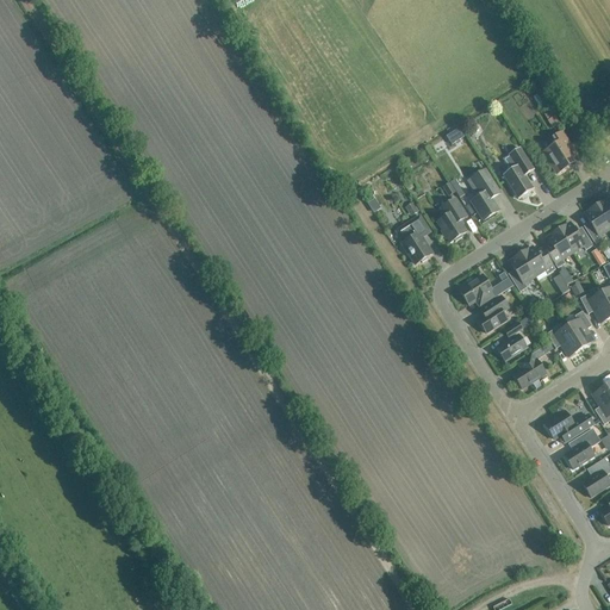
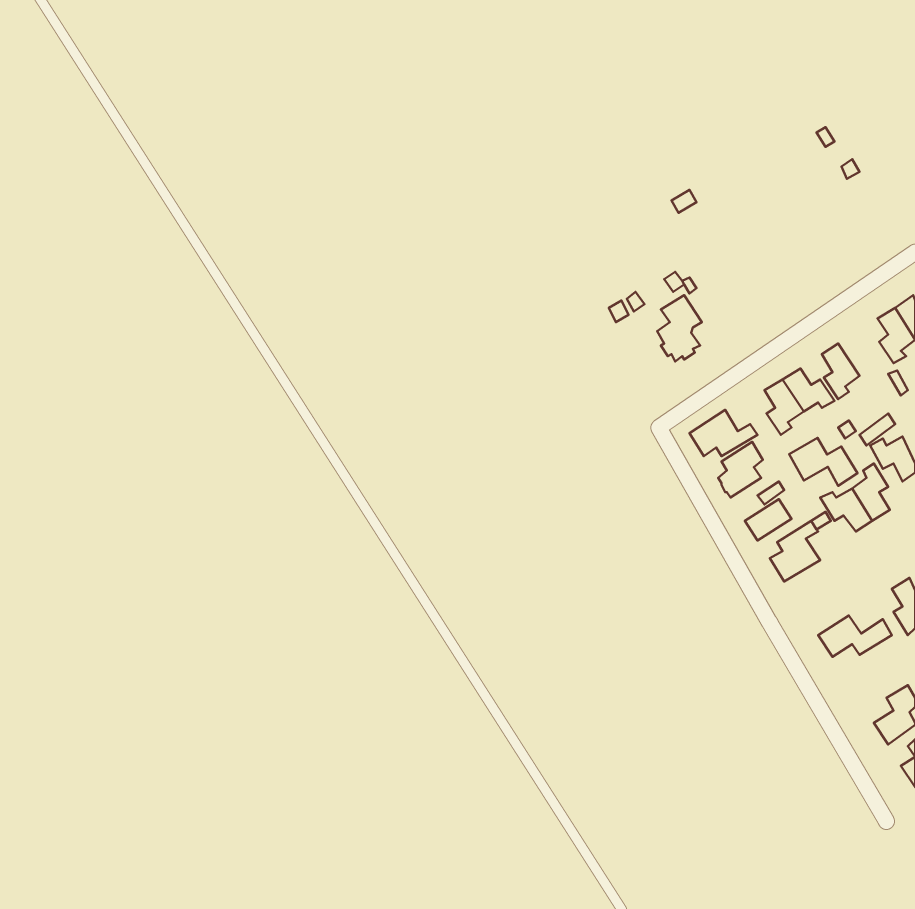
building: [543,130,577,172] -> none
building: [503,145,534,197] -> none
building: [471,167,499,219] -> none
building: [397,214,431,262] -> none
building: [558,220,593,250] -> none
building: none -> [789,438,858,486]
building: [564,427,600,467] -> none

